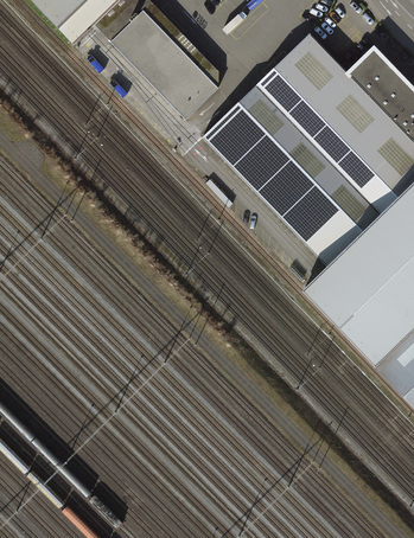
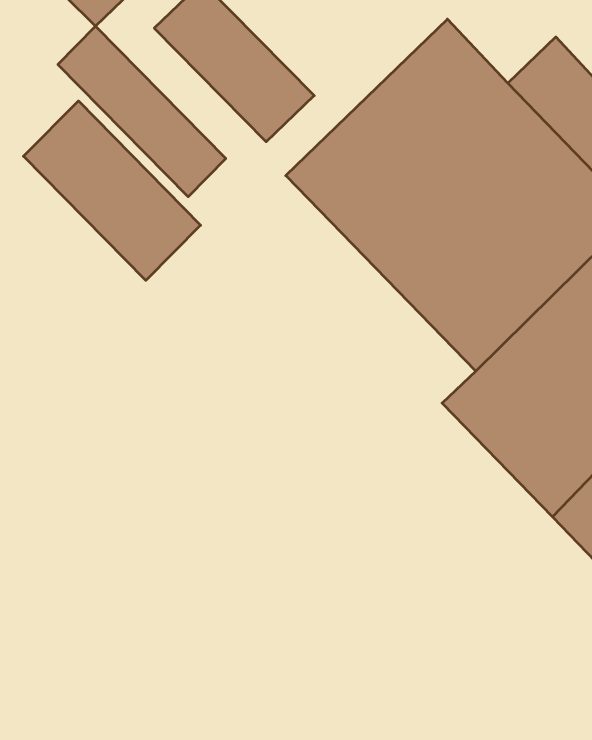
building: none -> [58,26,226,197]
building: none -> [23,101,201,280]

